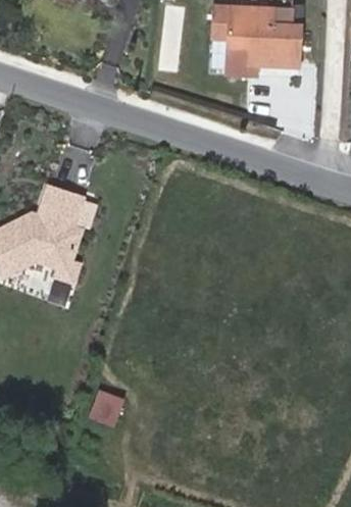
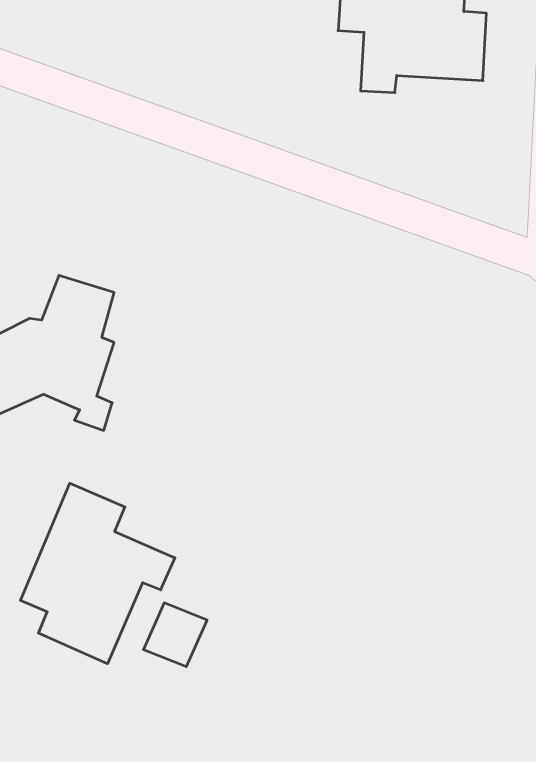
building: none -> [20,483,175,664]

